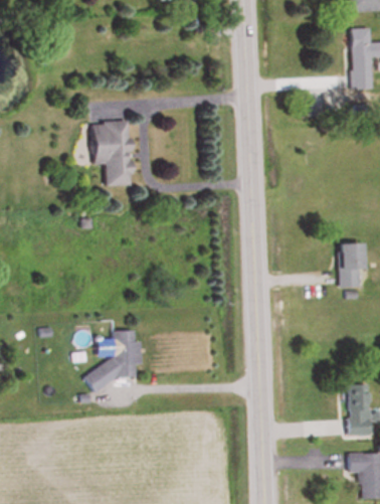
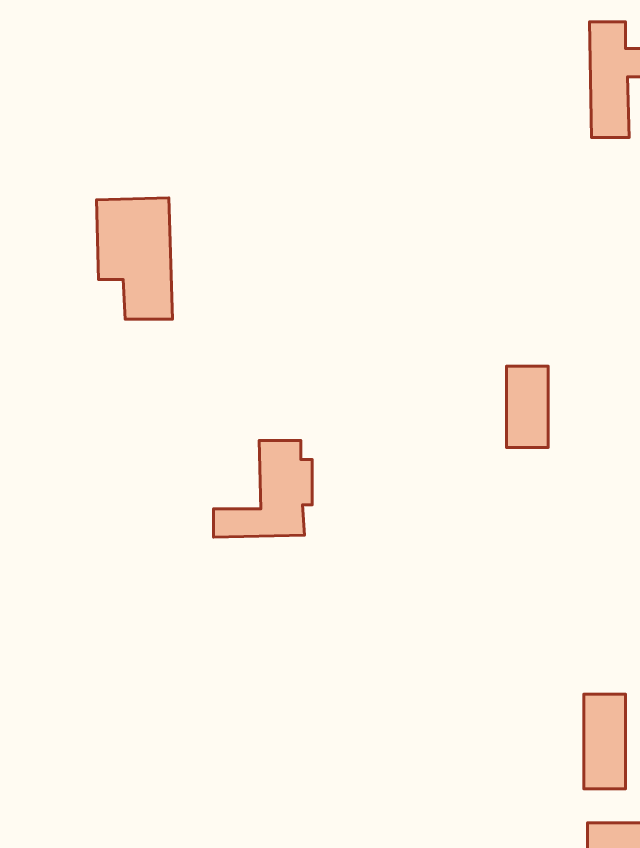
building: [340,243,362,287] -> [507,366,548,448]
building: [88,330,141,381] -> [214,441,312,537]

